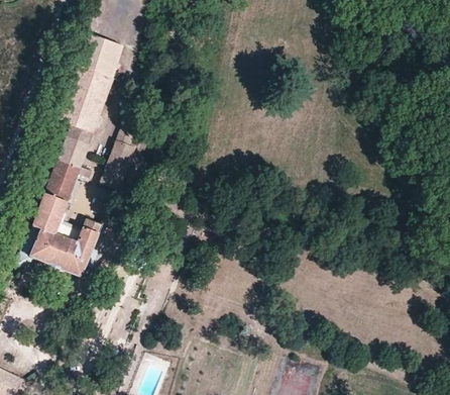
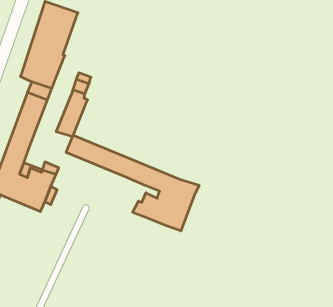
building: none -> [66,135,199,231]

